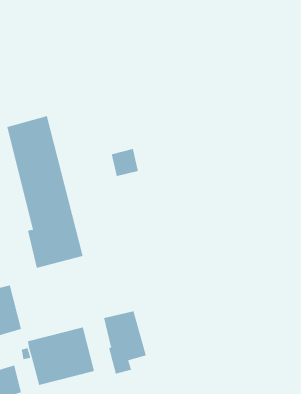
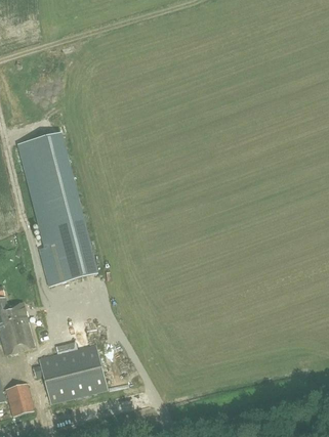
building: [111,148,139,177] -> none
building: [104,310,146,374] -> none

